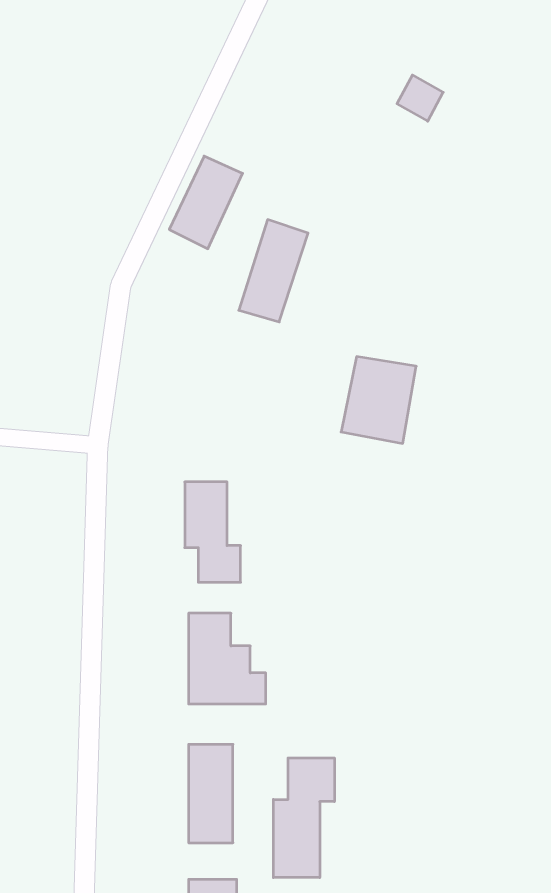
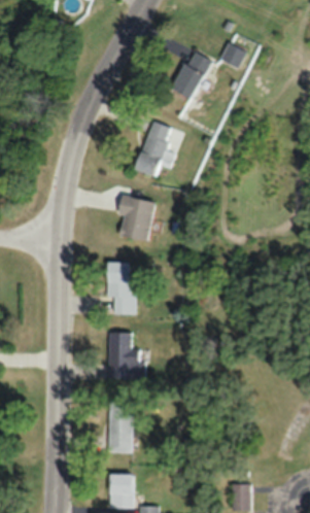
building: [169,156,243,249] -> [172,52,211,101]
building: [341,357,416,443] -> [115,196,156,242]
building: [273,758,334,878] -> none

